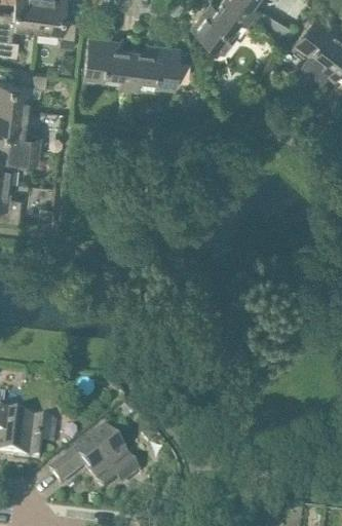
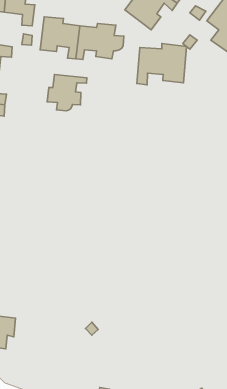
building: none -> [137,44,187,85]
building: none -> [47,75,87,111]
building: [50,425,141,489] -> none

